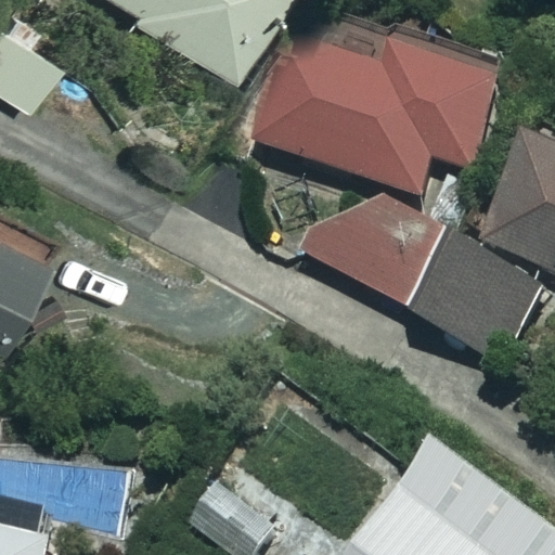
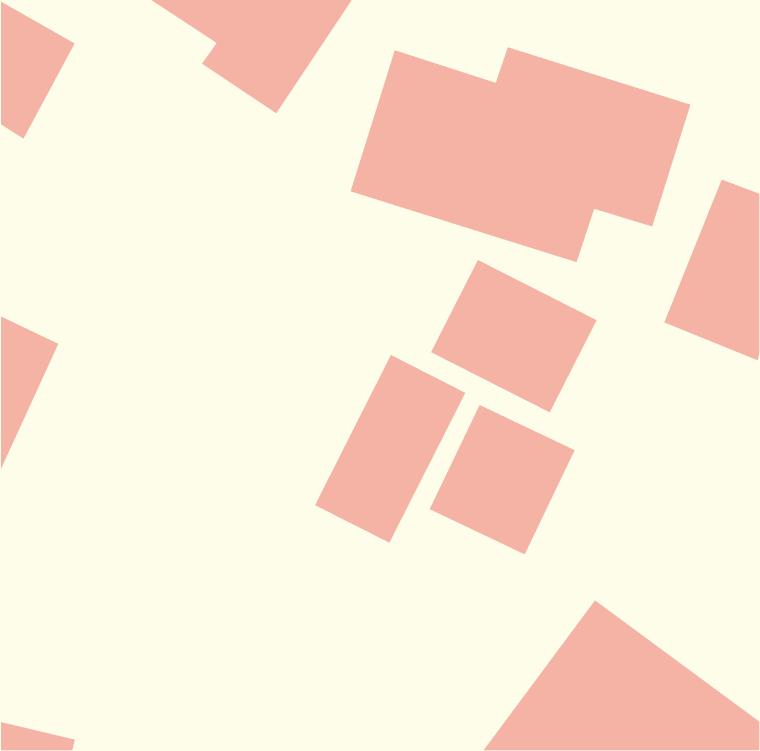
building: [415,237,522,348] -> [429,404,576,556]
building: none -> [314,354,467,544]

